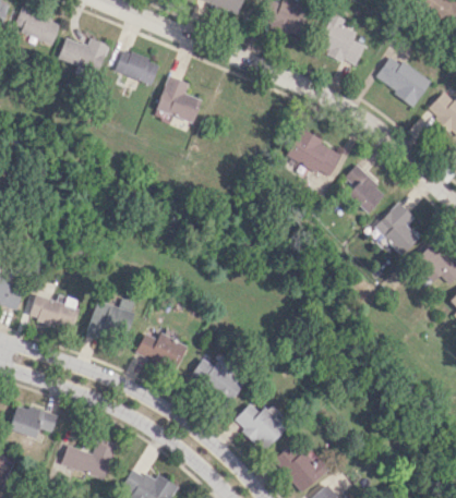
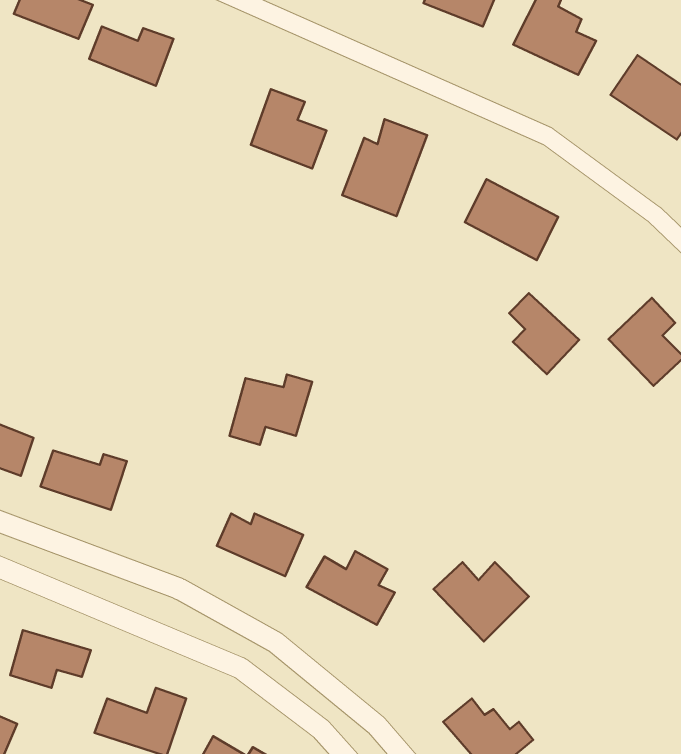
building: [113,49,159,85] -> none
building: none -> [342,119,427,216]
building: [344,165,386,214] -> [509,293,579,374]
building: [86,299,136,341] -> [229,375,312,445]
building: [232,403,290,451] -> [434,562,529,641]

